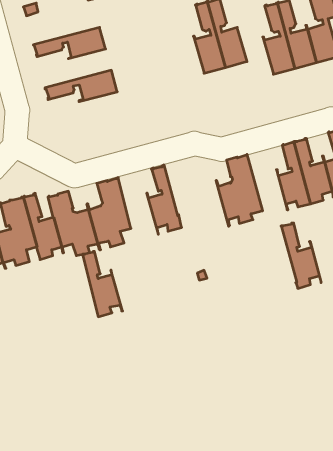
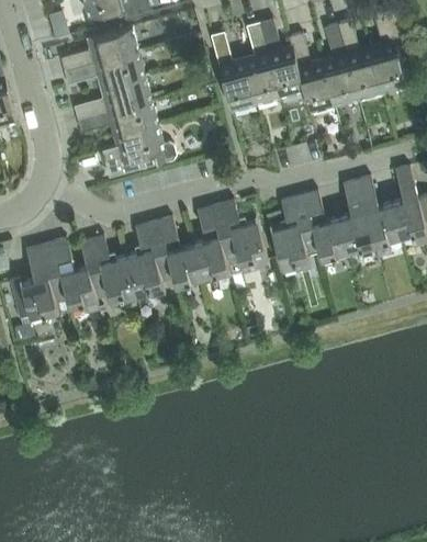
building: none -> [59,25,137,70]
building: none -> [210,31,255,109]
building: none -> [288,32,333,110]
building: none -> [72,75,150,118]
building: none -> [101,123,176,177]
building: none -> [210,200,269,272]
building: [281,223,321,288] -> [303,190,348,263]
building: [83,251,123,317] -> [158,216,203,290]

